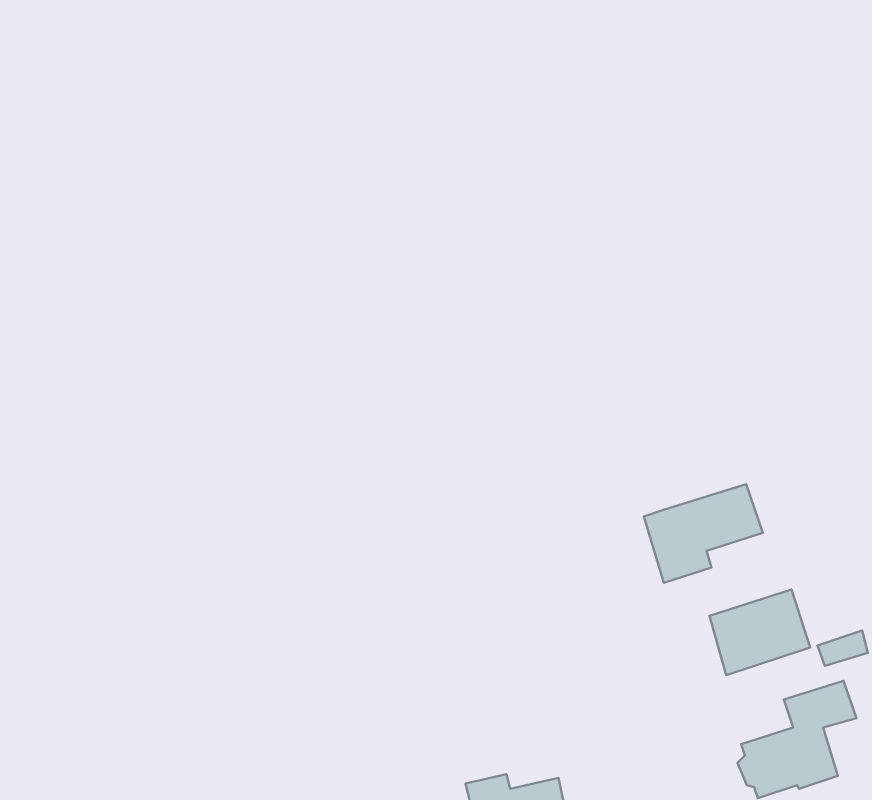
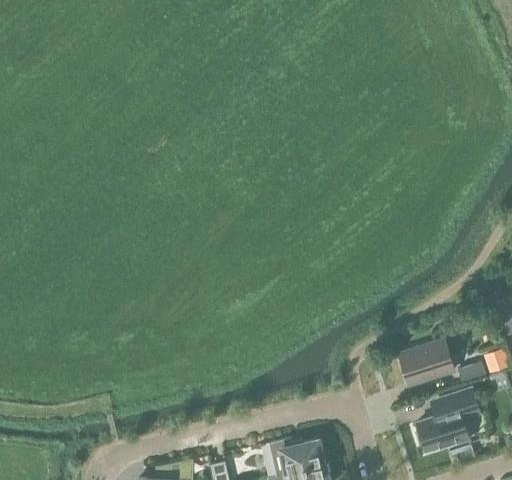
building: [644,484,763,583] -> none

